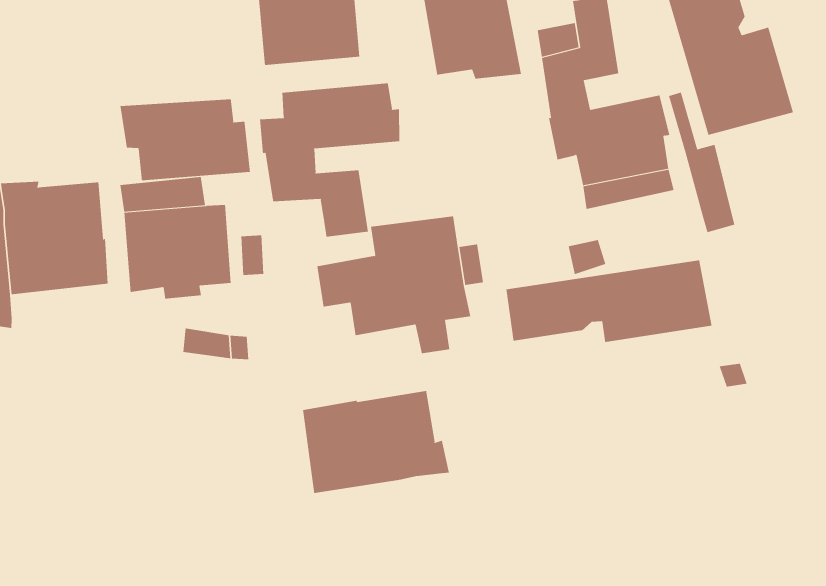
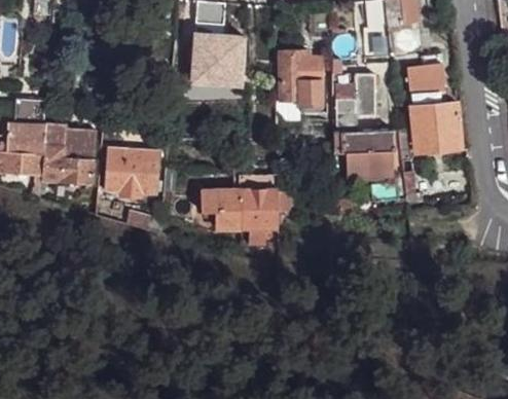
building: [260,83,400,237] -> none
building: [120,99,250,181] -> none
building: [506,259,712,343] -> none
building: [302,390,450,494] -> none

